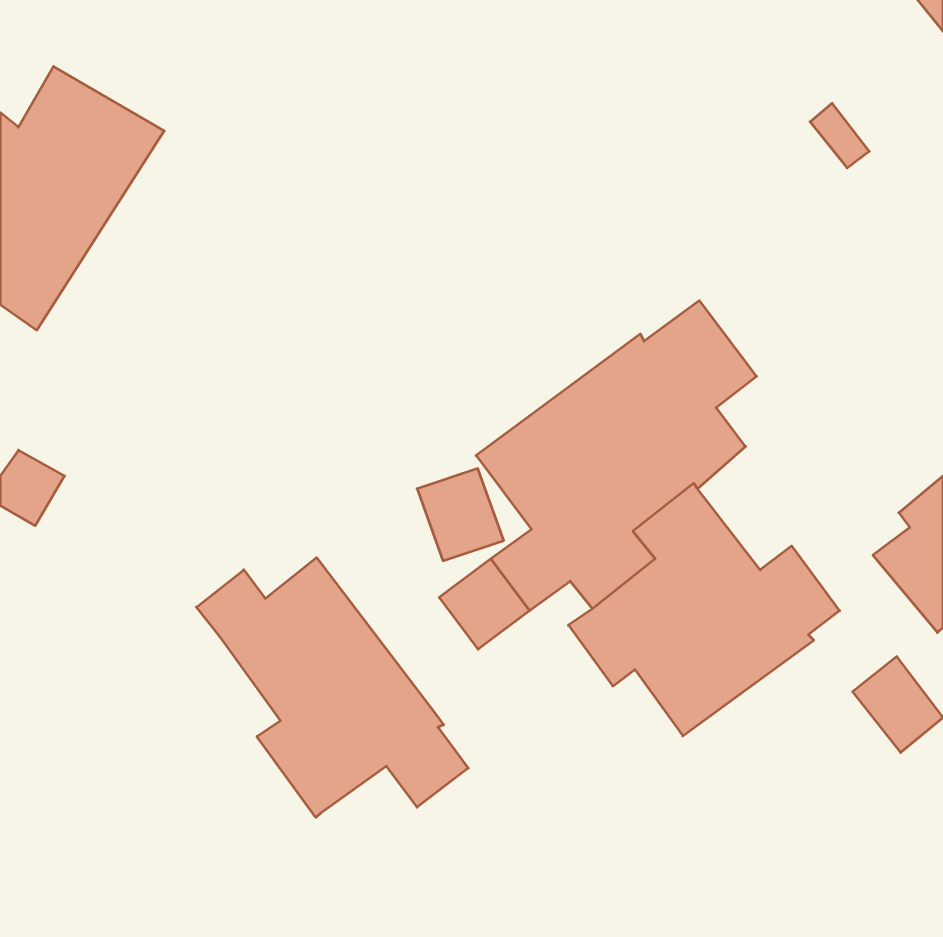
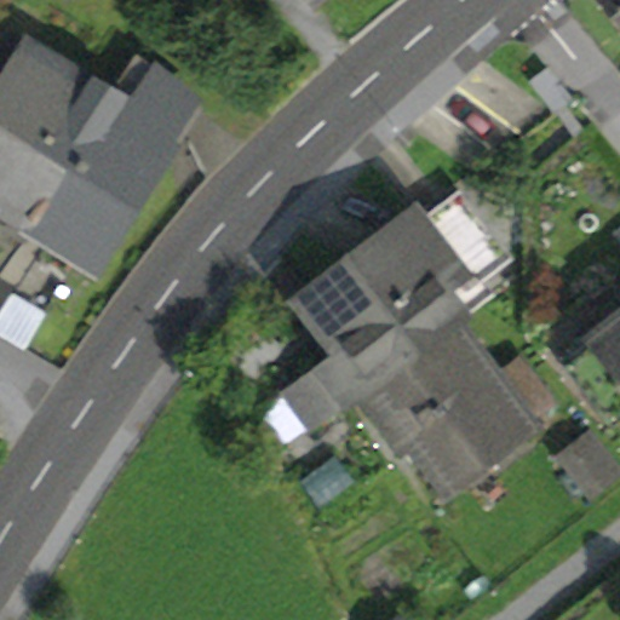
building: none -> [24,53,193,259]
building: [196,558,468,817] -> none

